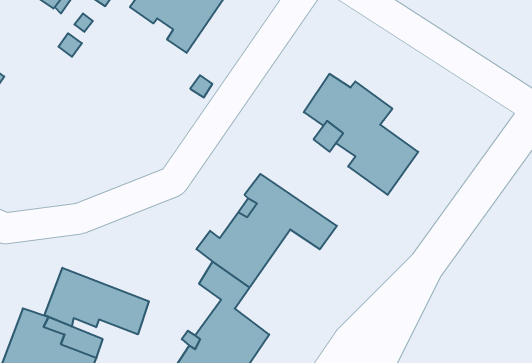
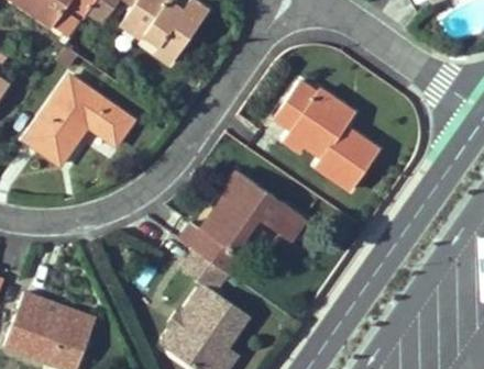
building: none -> [25,76,135,165]
building: [44,268,149,334] -> none

